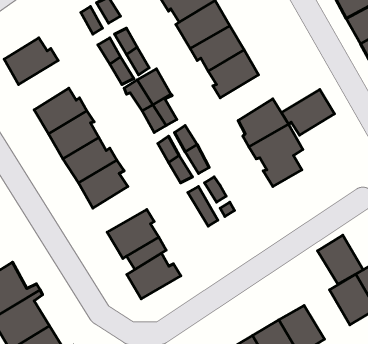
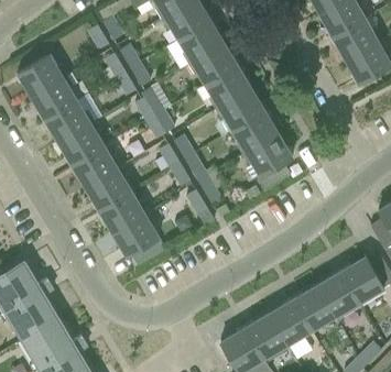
building: none -> [31,75,77,120]
building: [282,90,334,135] -> [216,88,264,130]
building: [317,235,363,284] -> [293,285,335,330]
building: [127,253,181,299] -> [99,190,149,232]

